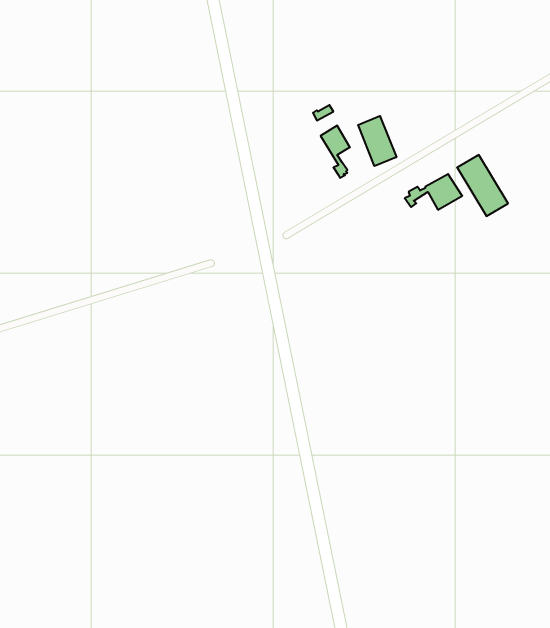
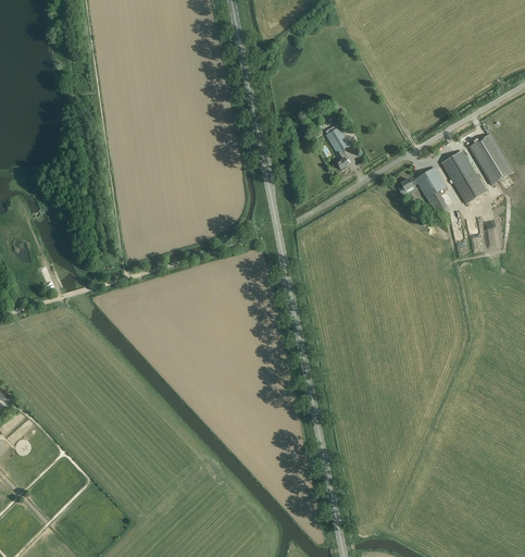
building: [358,116,396,166] -> none
building: none -> [468,133,513,184]

